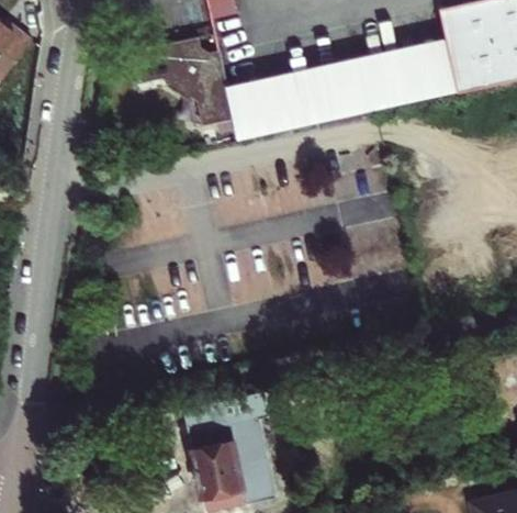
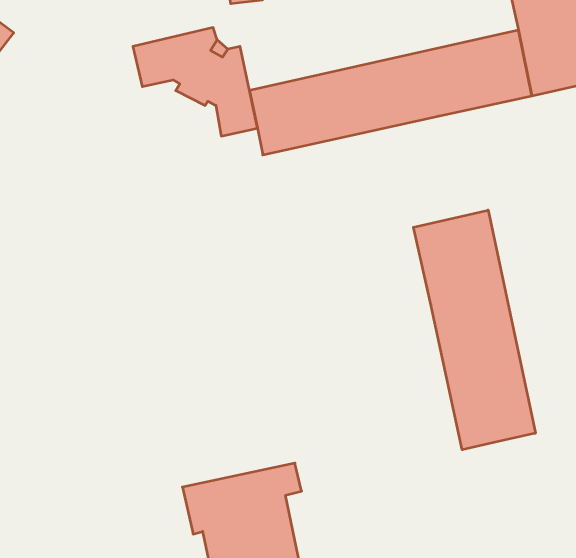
building: none -> [413,210,535,450]

